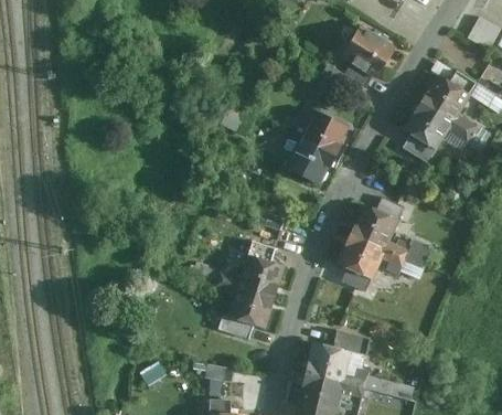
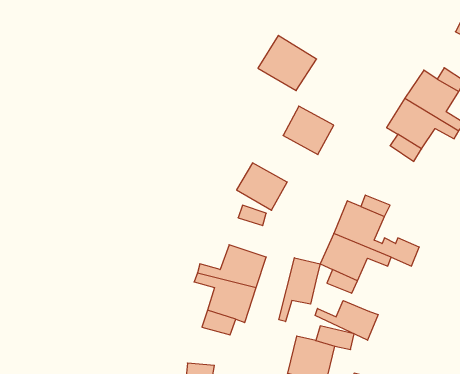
building: [341,29,398,83] -> [258,35,317,91]
building: [285,139,334,185] -> [237,163,287,210]
building: none -> [279,258,320,322]
building: none -> [315,301,378,340]

